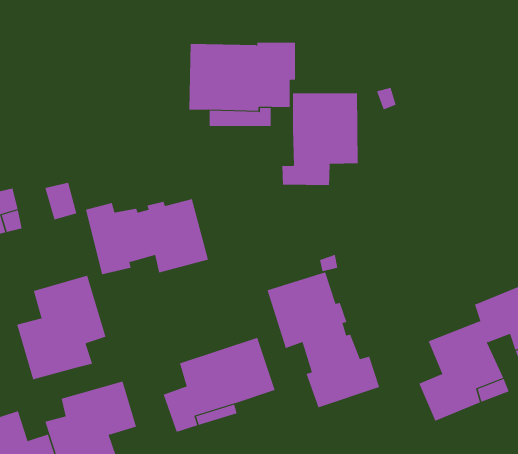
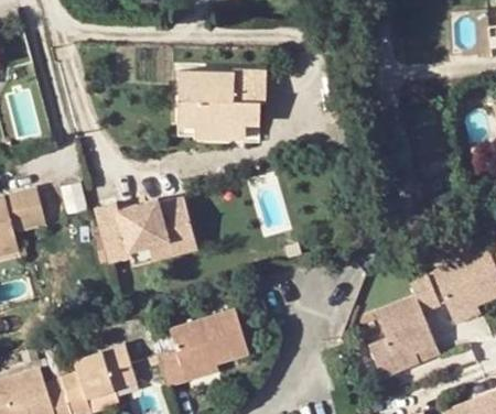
building: [282,92,358,186] -> none
building: [267,271,380,408] -> none
building: [16,275,106,380] -> none

